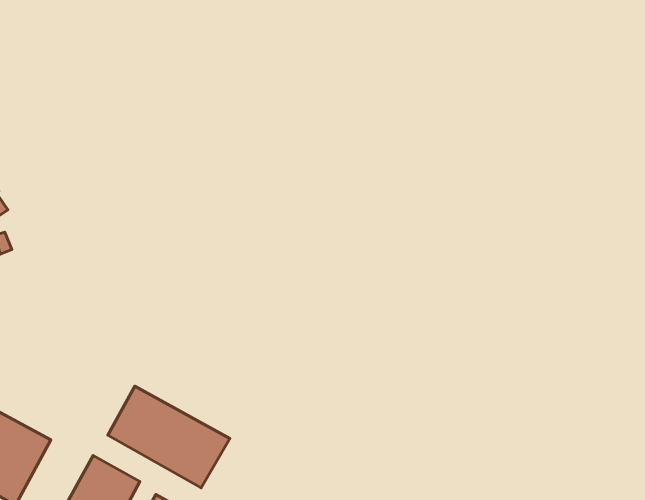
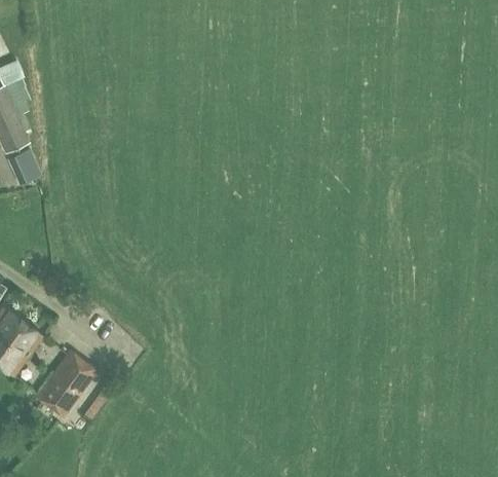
building: [108,386,230,488] -> none

